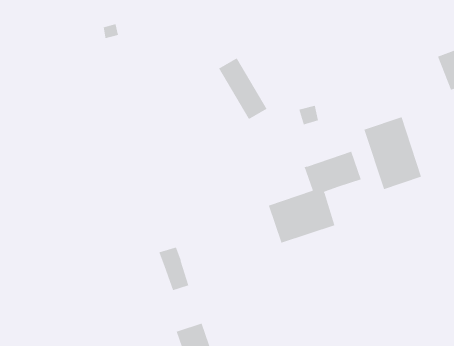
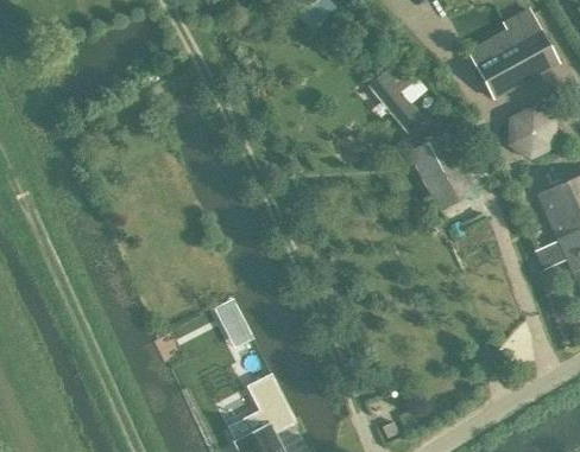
building: [218,57,267,120] -> [368,71,425,134]
building: [268,151,361,244] -> none

